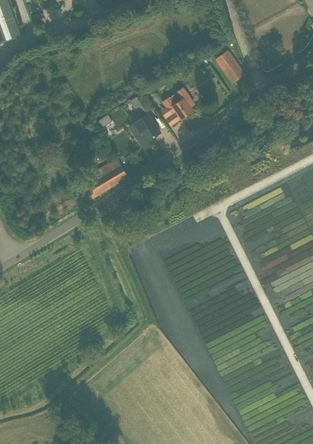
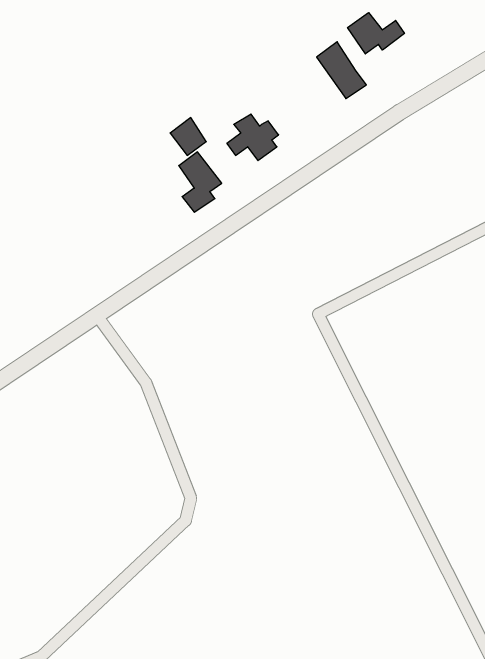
building: none -> [348,13,404,54]
building: [85,158,127,198] -> none

